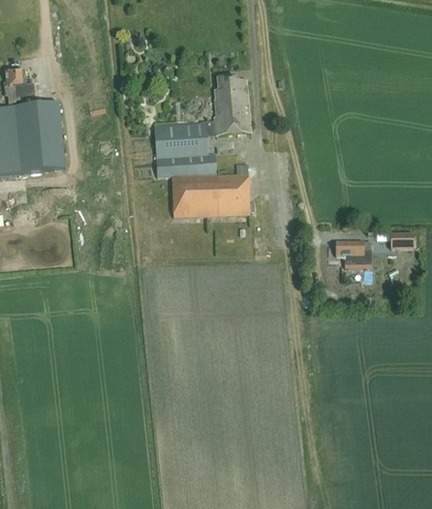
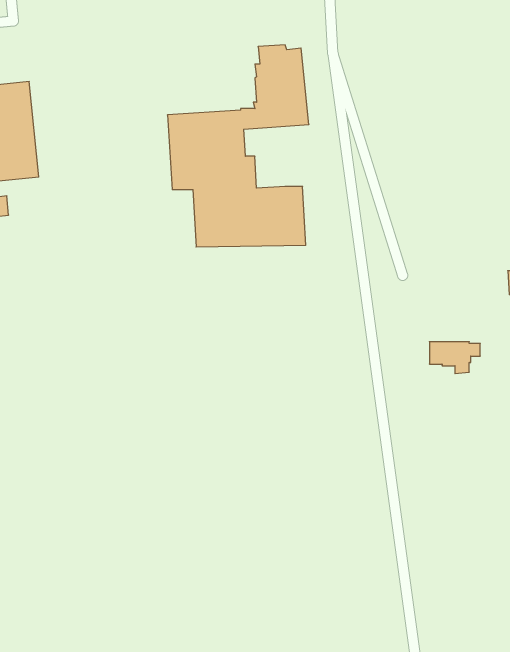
building: [335,239,370,261] -> [429,342,480,374]

